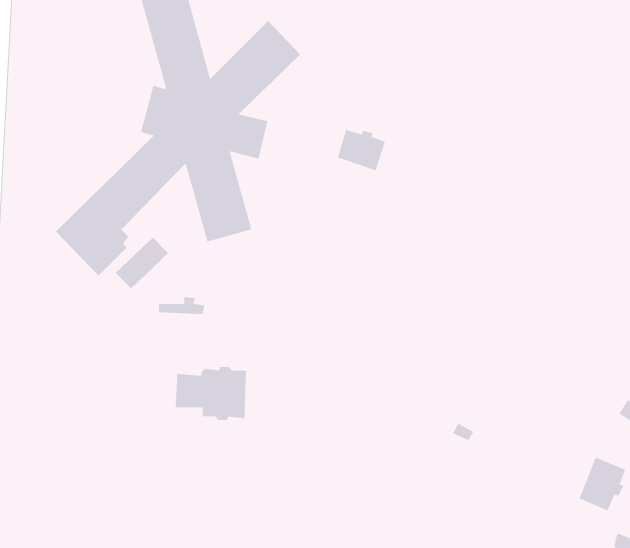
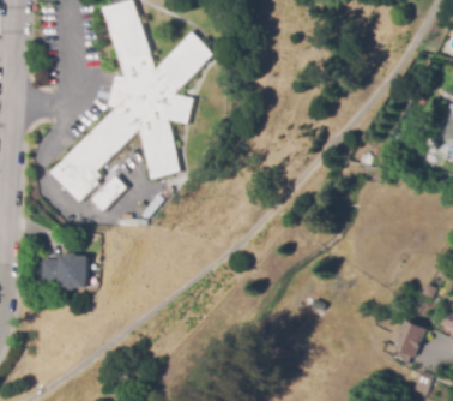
building: [337,129,386,171] -> none
building: [175,366,247,421] -> [41,253,89,289]

